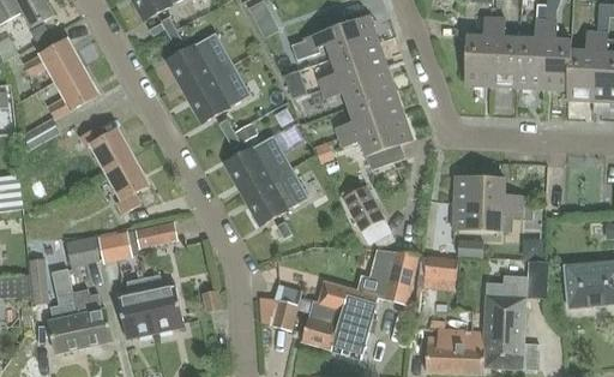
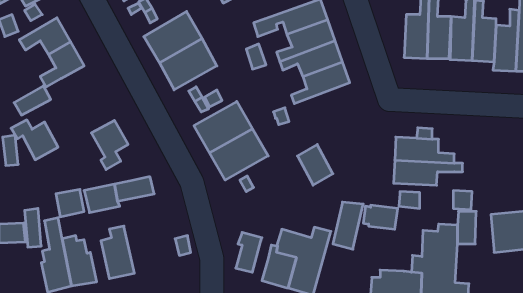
building: [338,113,411,169] -> none
building: [78,125,132,170] -> [11,120,58,160]
building: [143,274,183,331] -> none

